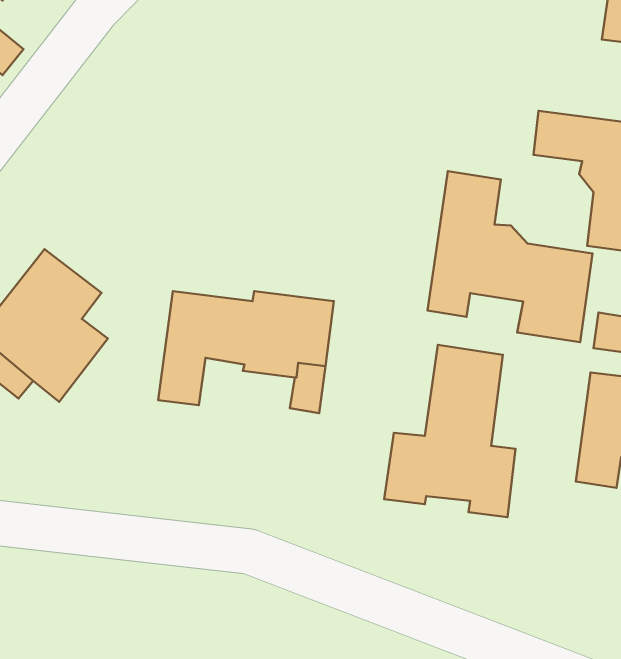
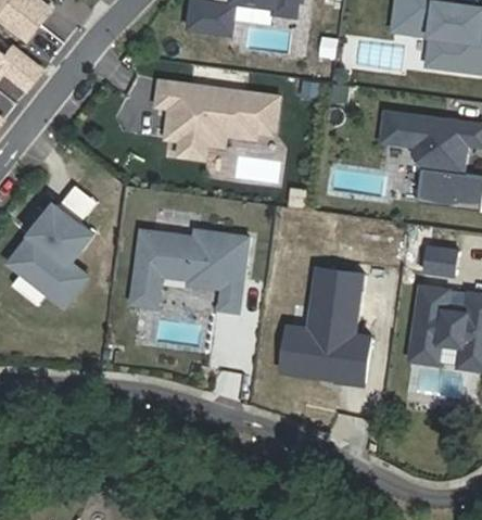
building: none -> [155,80,278,157]
building: [427,171,592,342] -> none

